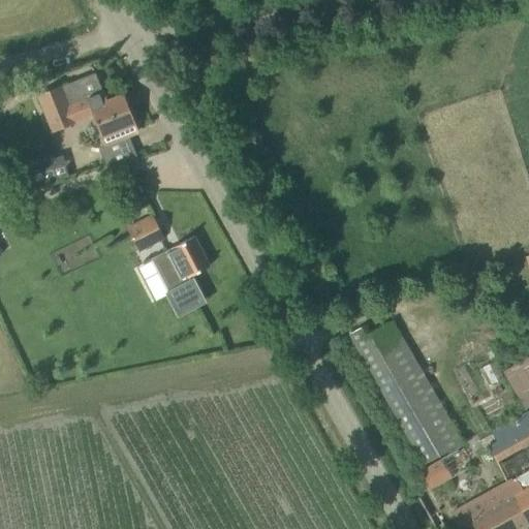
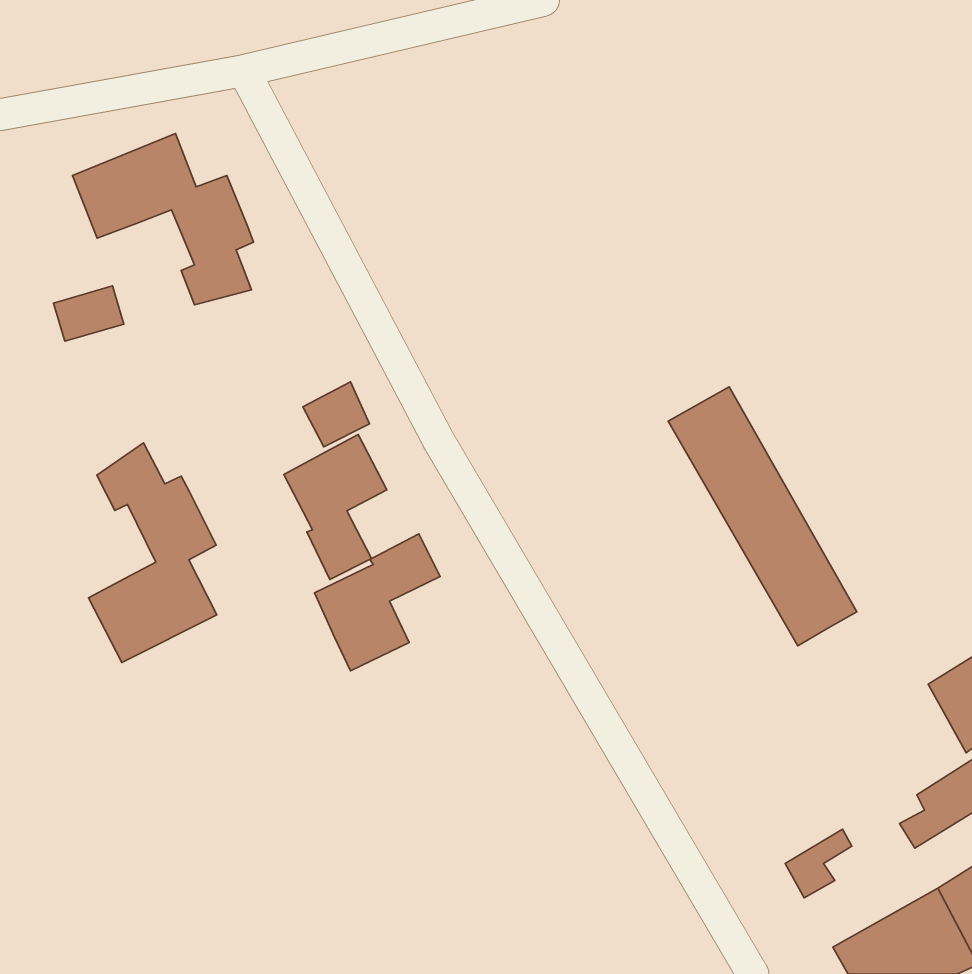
building: [128,215,164,250] -> [303,382,370,447]
building: none -> [88,443,217,662]
building: none -> [314,534,440,671]
building: [355,323,458,464] -> [668,387,857,646]

